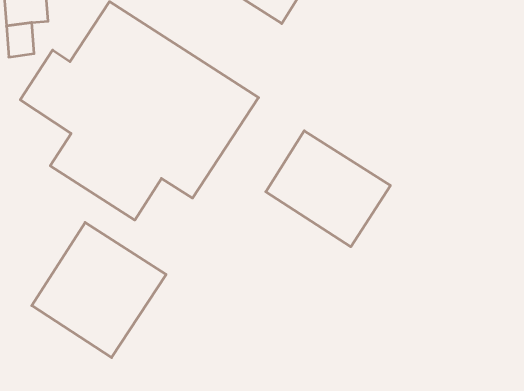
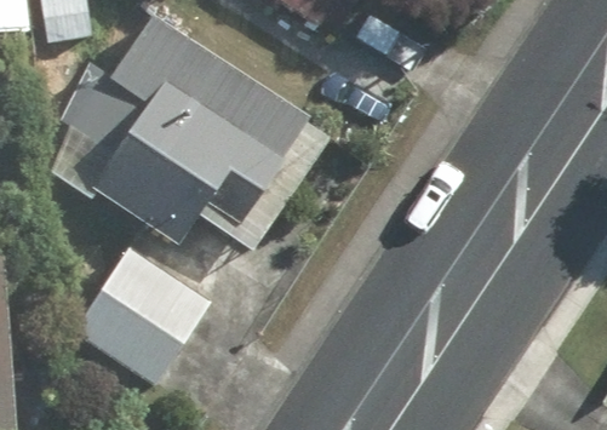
building: [266,131,390,247] -> none

